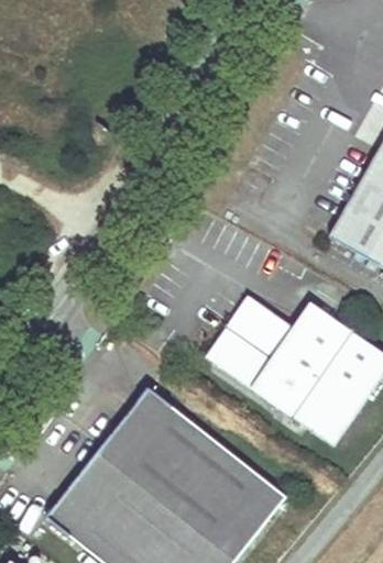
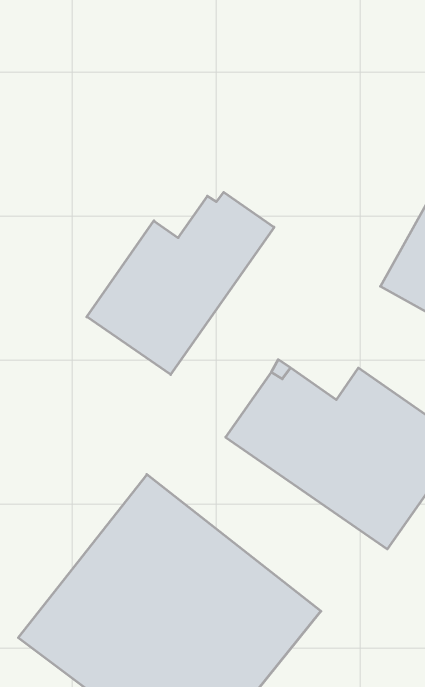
building: none -> [87,192,274,375]

